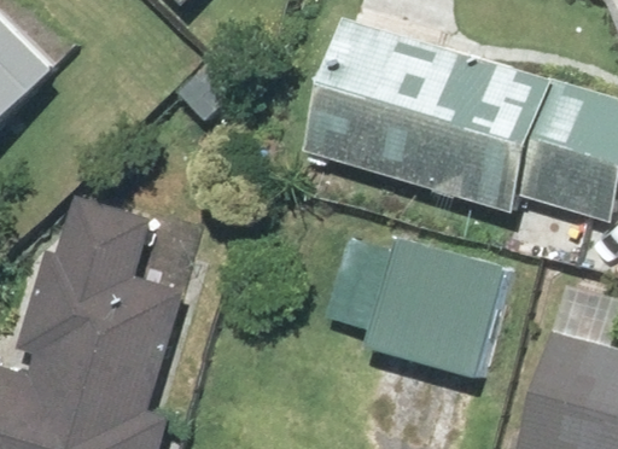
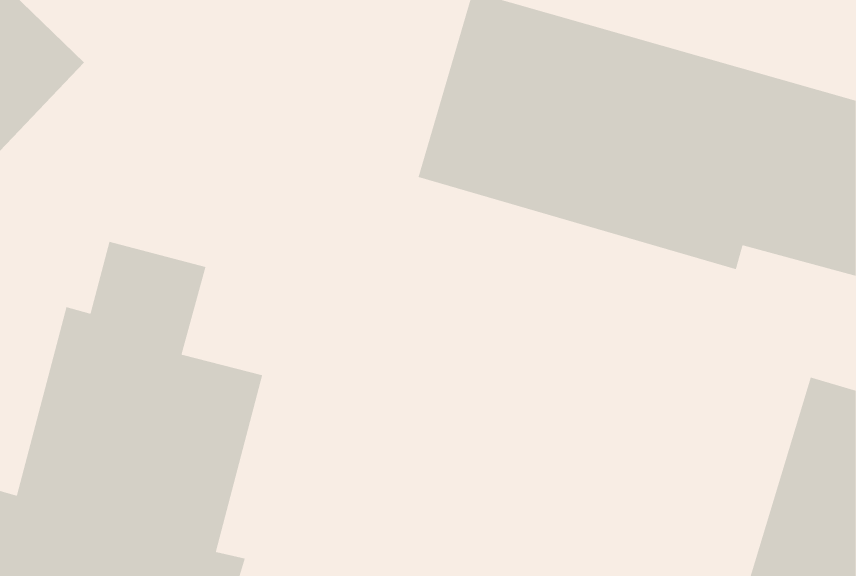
building: [328,237,508,380] -> none

